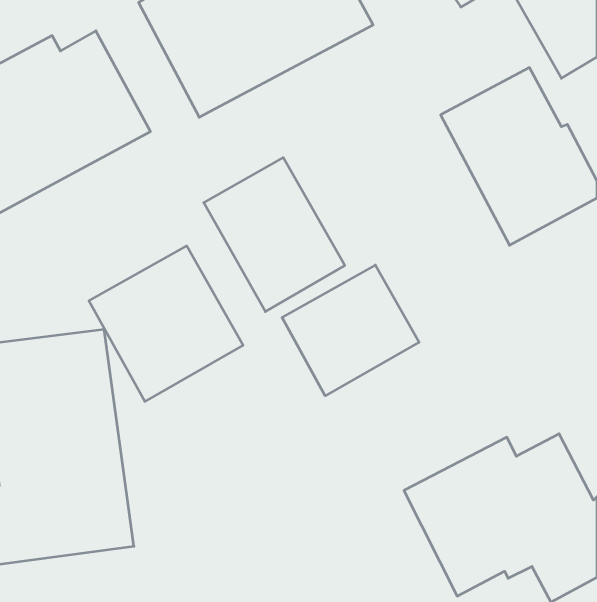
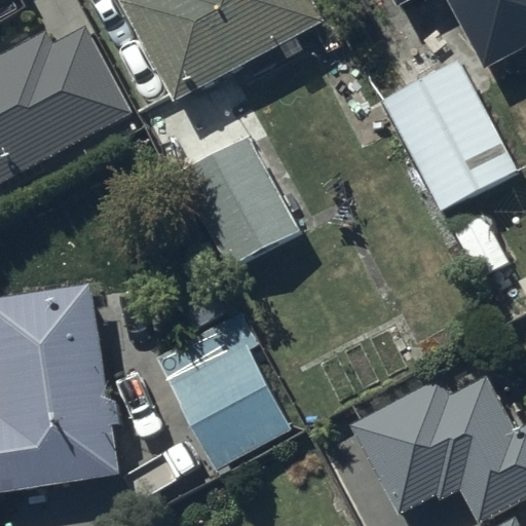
building: [89,246,243,401] -> none
building: [282,265,419,396] -> none
building: none -> [153,309,293,471]

